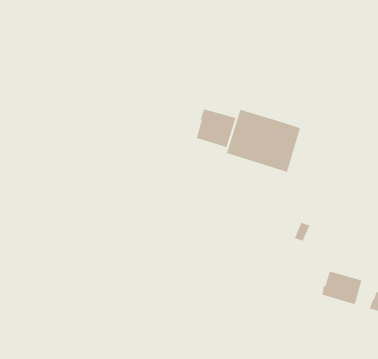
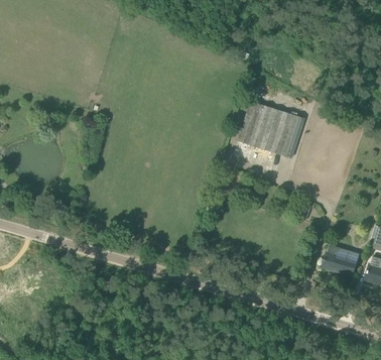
building: [196,109,236,148] -> none

